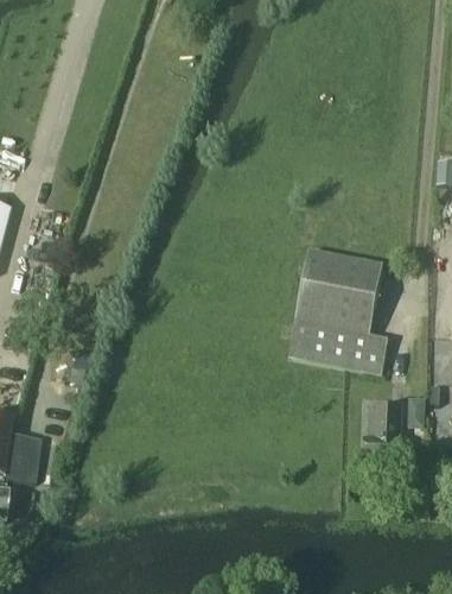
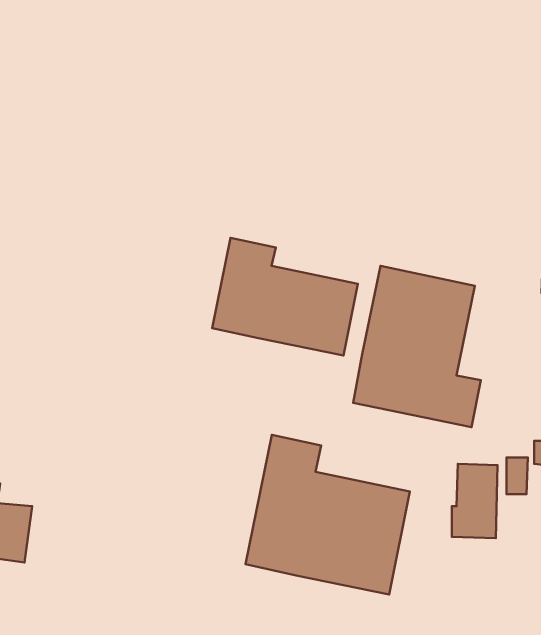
building: none -> [212,238,358,356]
building: none -> [245,435,410,594]

